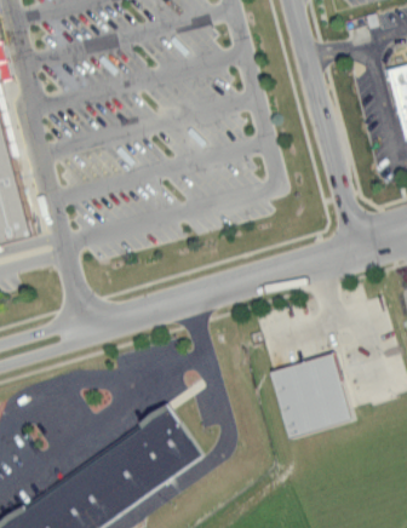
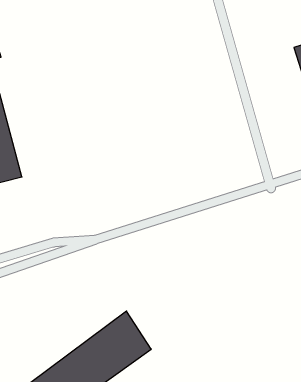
building: [268,354,352,436] -> none

